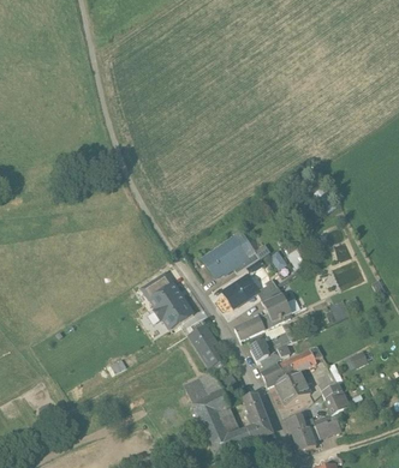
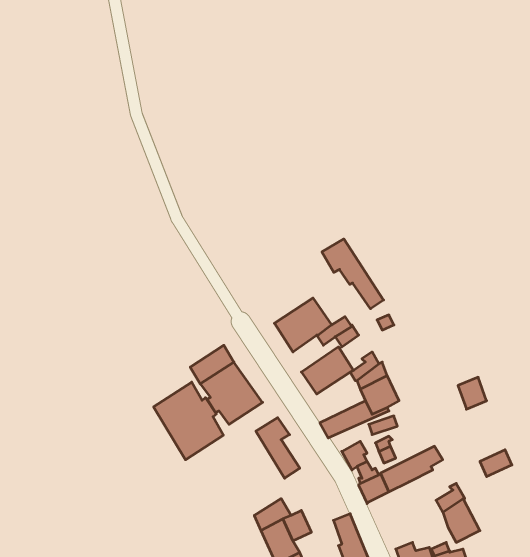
building: none -> [322,239,384,309]
building: none -> [154,382,223,460]
building: [278,370,309,403] -> none

